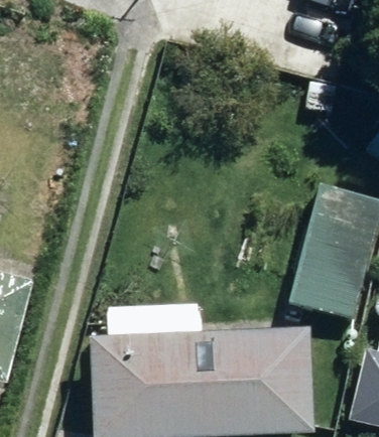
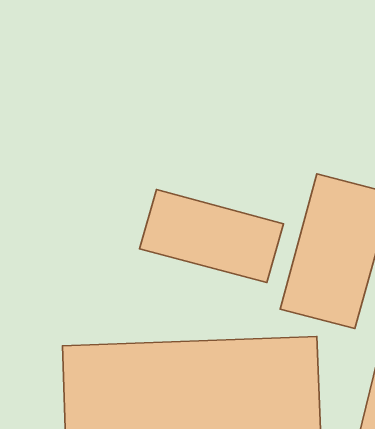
building: none -> [140,189,283,282]

